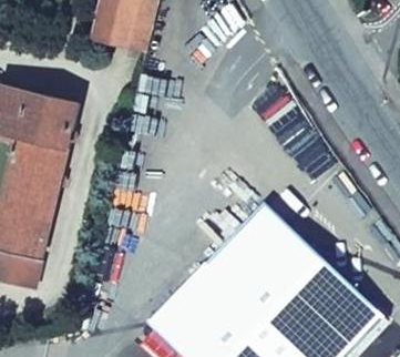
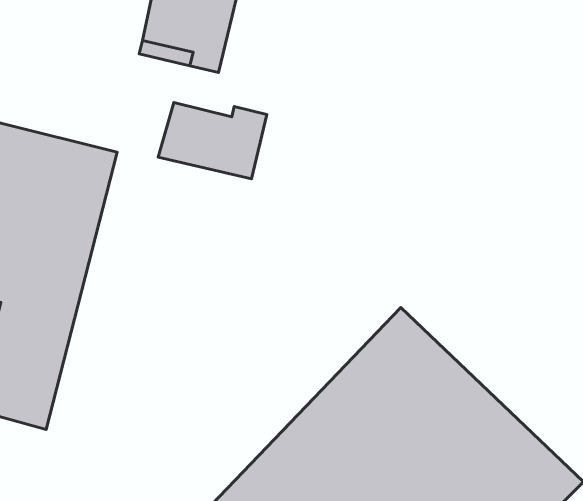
building: none -> [158,103,267,179]

